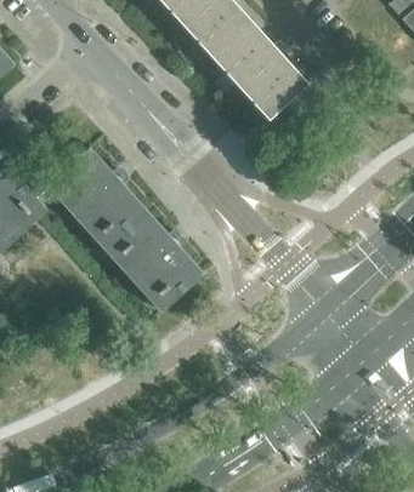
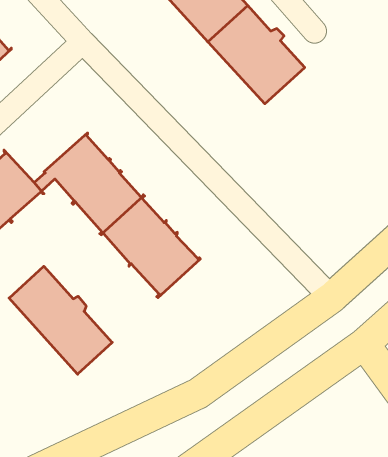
building: none -> [9,266,112,374]

